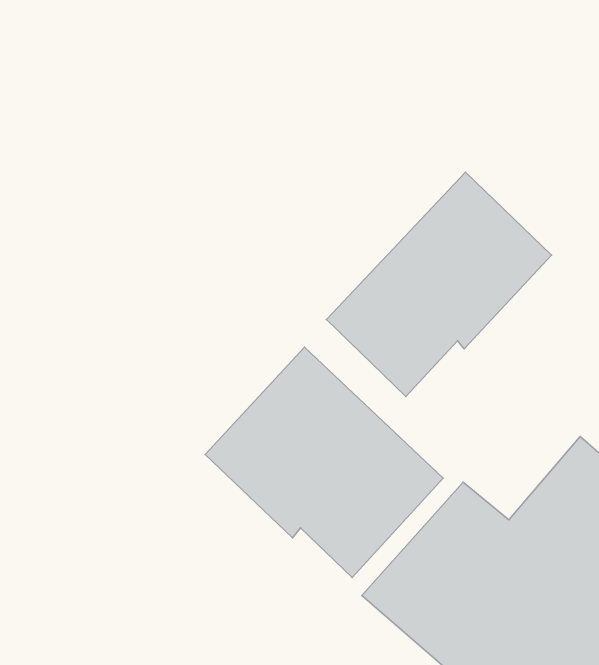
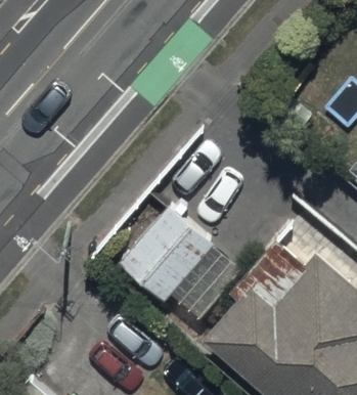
building: [326,172,552,397] -> none

